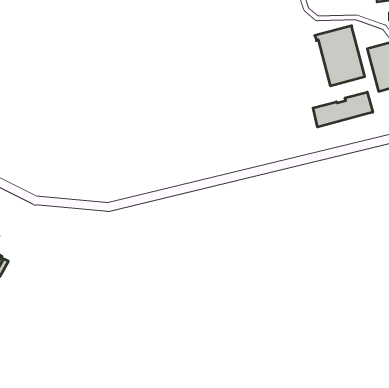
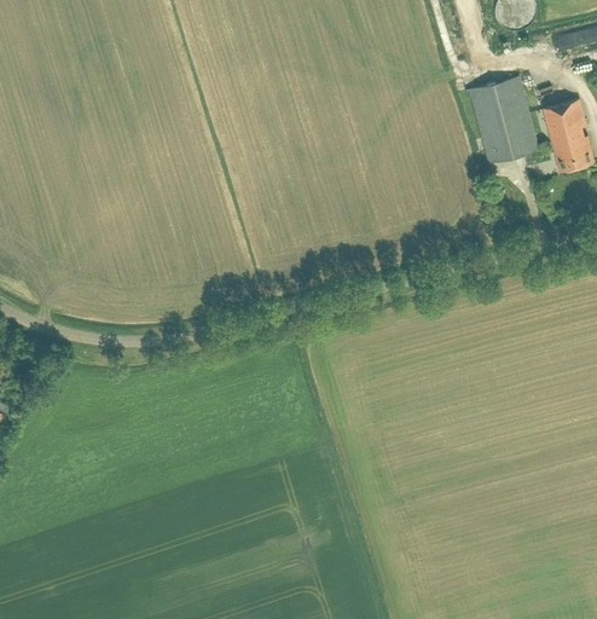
building: [313,92,373,127] -> none

